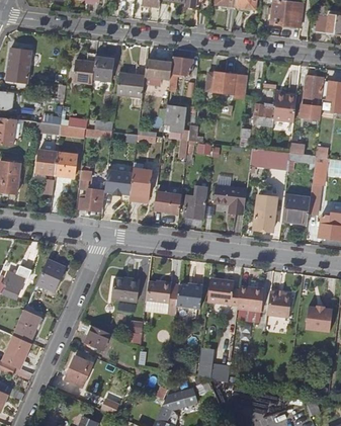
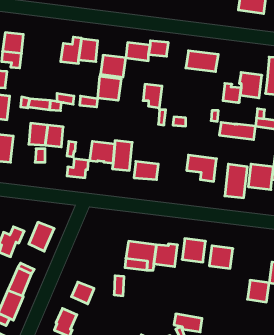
building: none -> [98,76,121,100]
building: [183,186,206,219] -> none
building: [108,278,137,302] -> none
building: [267,293,291,318] -> [247,280,269,302]

